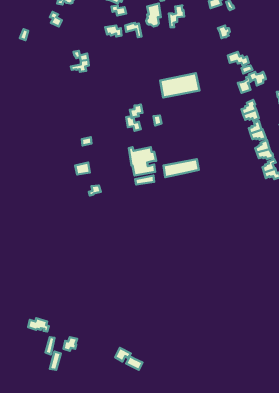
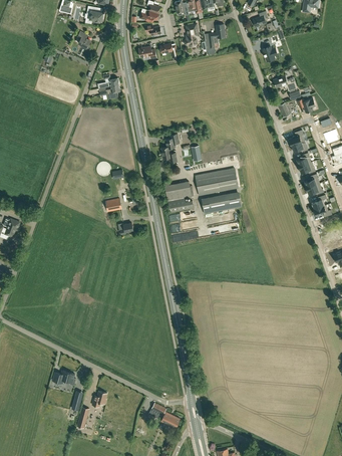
building: [160,73,199,98] -> [196,168,239,195]

